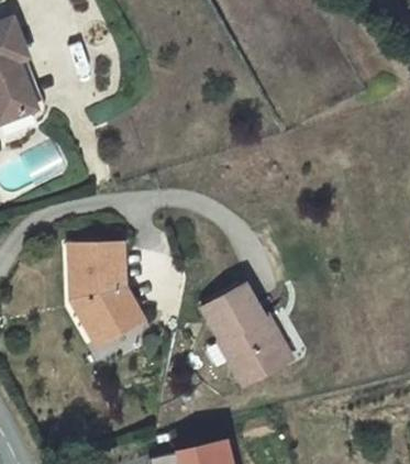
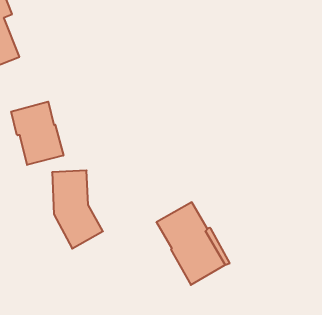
building: none -> [11,102,63,165]

